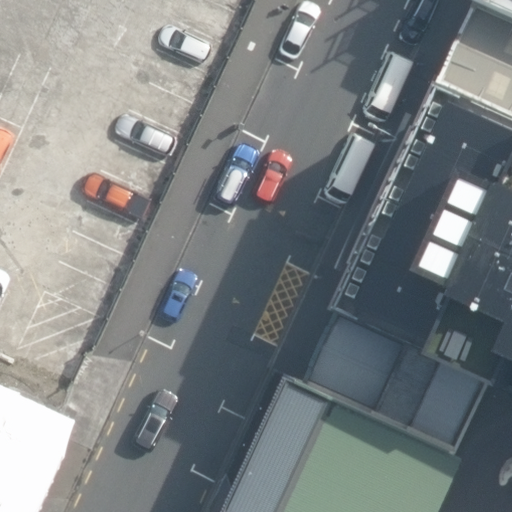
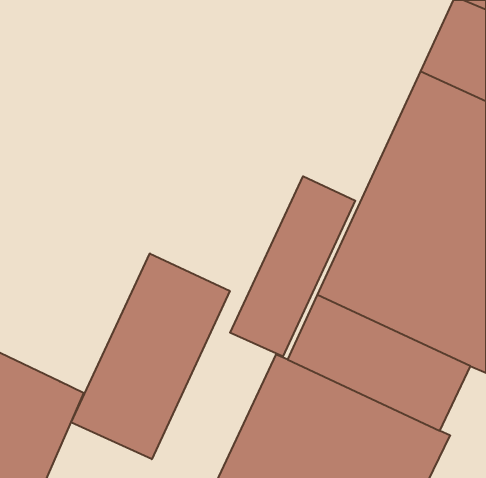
building: none -> [230,176,355,357]
building: none -> [71,253,230,459]

